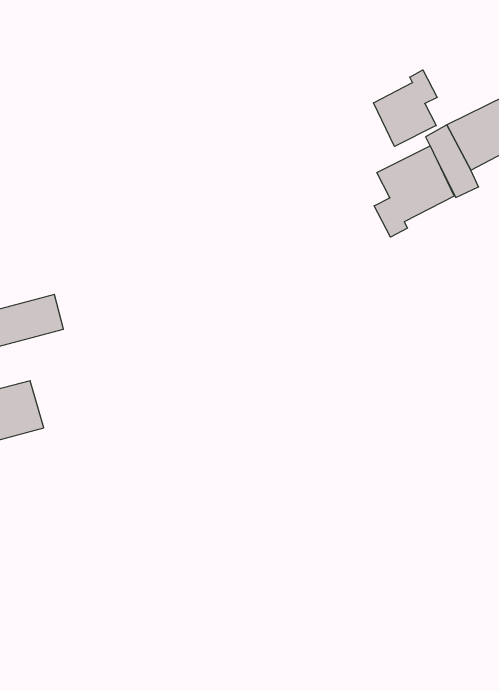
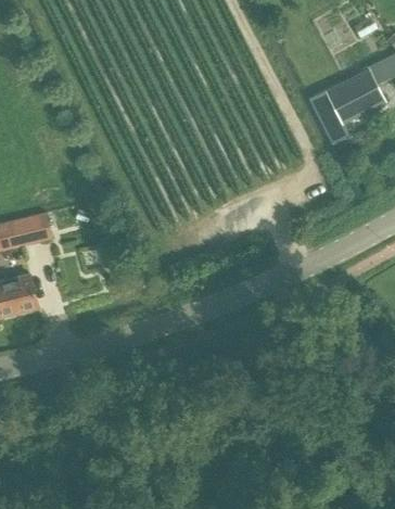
building: [374,70,437,146] -> none
building: [374,146,454,237] -> none

